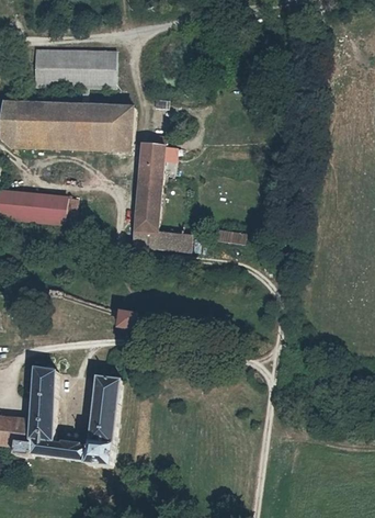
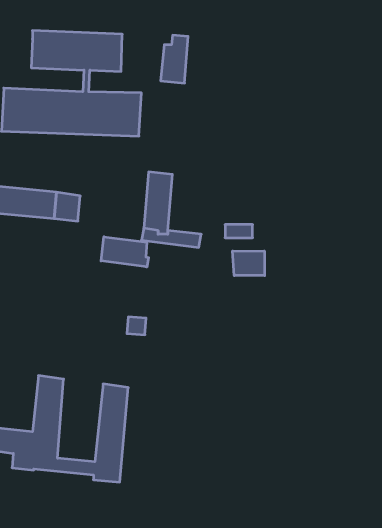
building: [137,137,162,181] -> [161,35,188,83]
building: none -> [101,237,149,267]
building: none -> [233,251,265,276]

